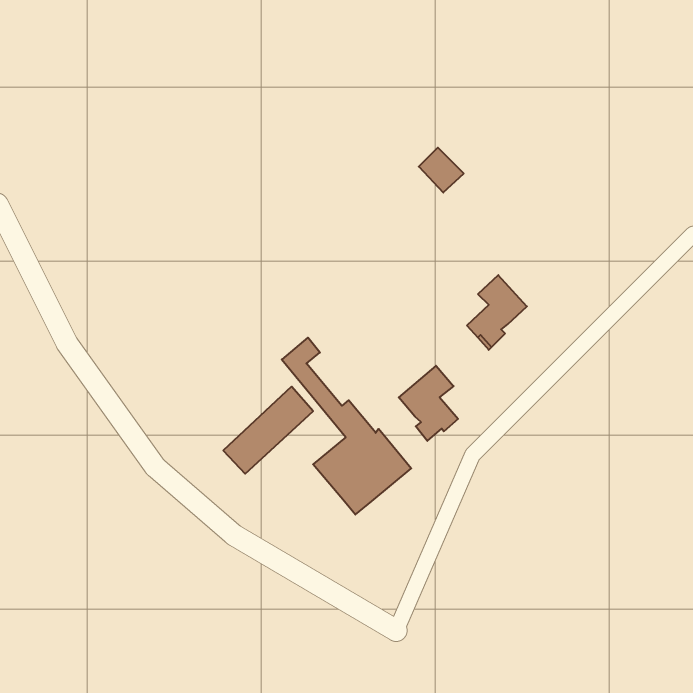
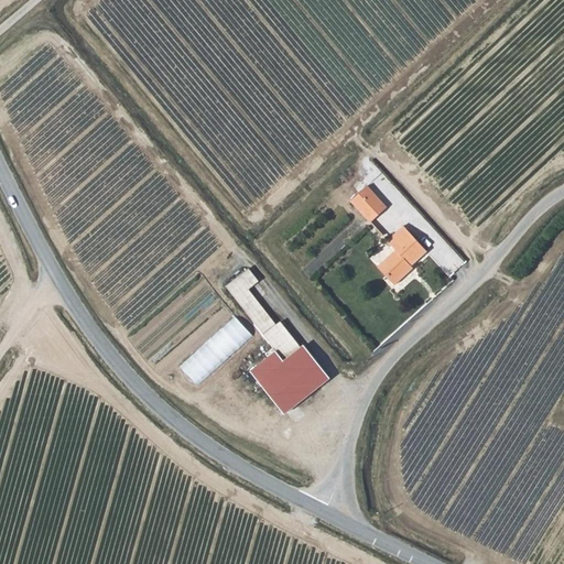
building: [419,148,464,193] -> [348,184,384,220]
building: [399,366,458,441] -> none

